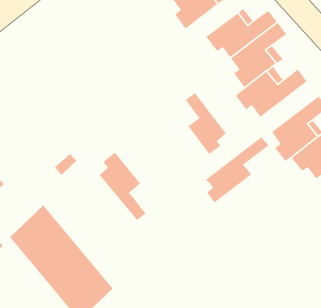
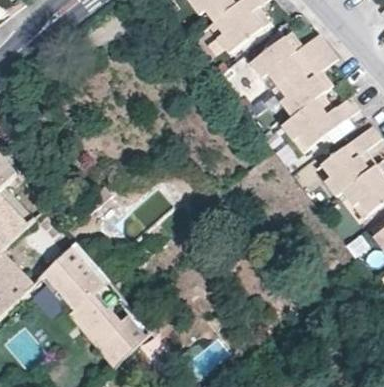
building: [185,92,227,155] -> none
building: [205,136,269,204] -> none
building: [99,151,146,221] -> none

